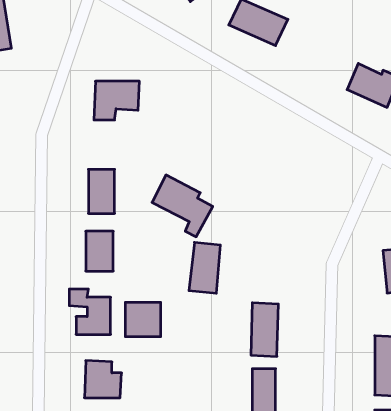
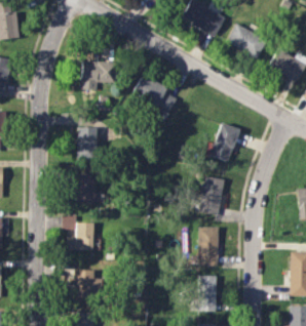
building: none -> [227,26,267,57]
building: none -> [212,124,238,161]
building: [152,175,213,237] -> [132,75,178,121]
building: [189,242,220,293] -> [200,177,224,215]
building: [125,302,161,337] -> none

